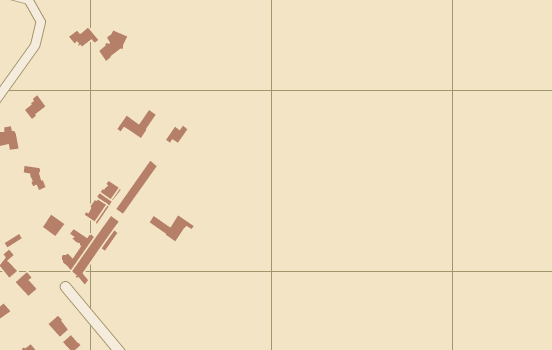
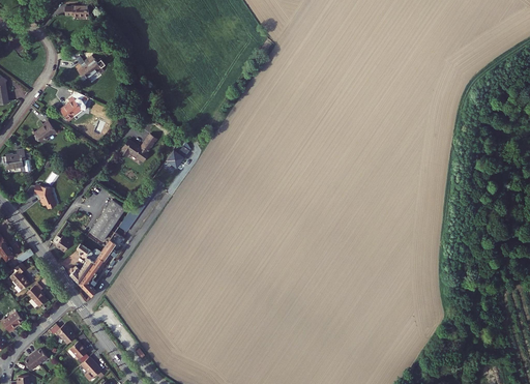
building: [98,29,128,62] -> [60,91,88,121]
building: [148,214,195,242] -> none

